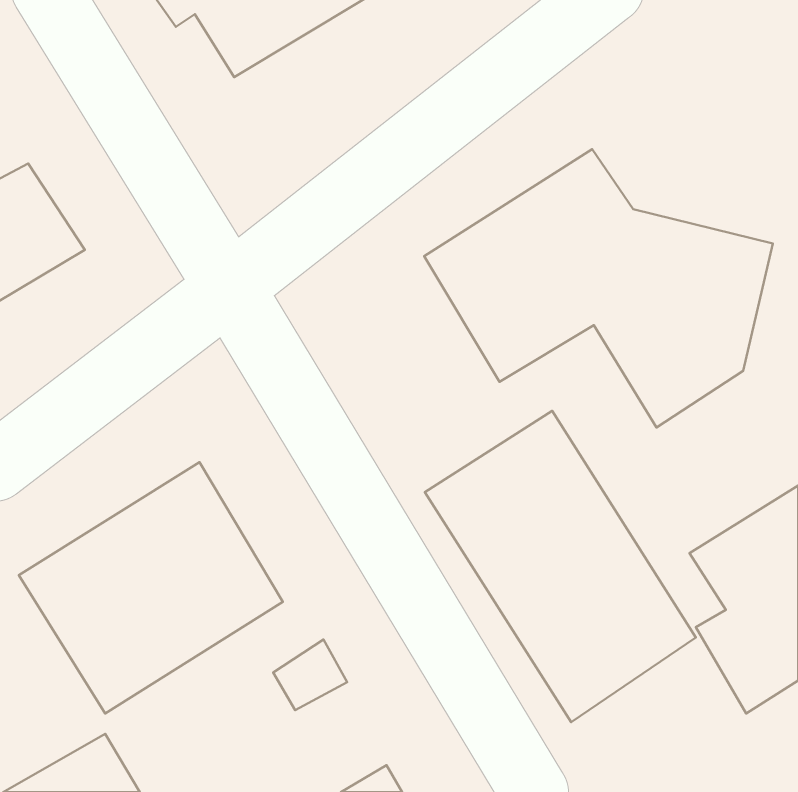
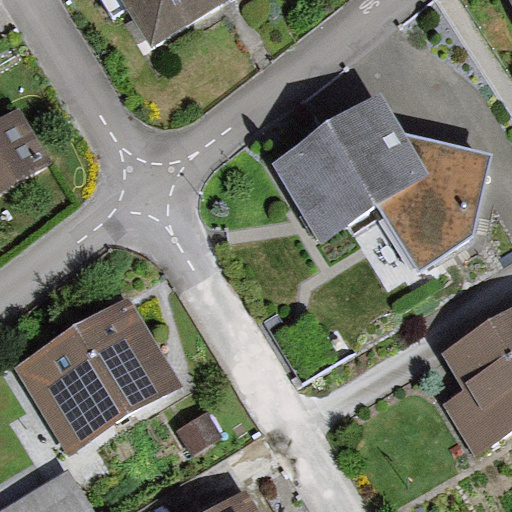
building: [425,411,696,722] -> none

